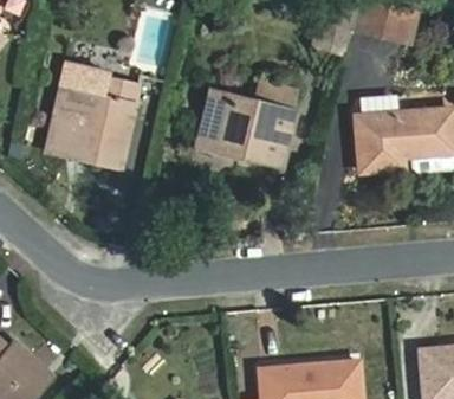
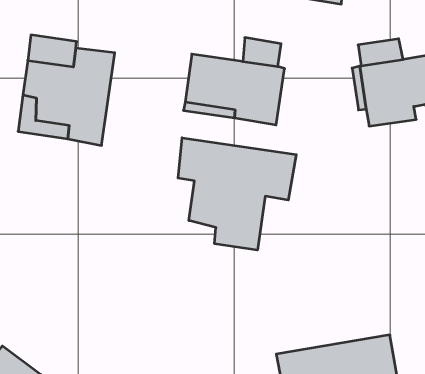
building: none -> [178,138,296,250]

